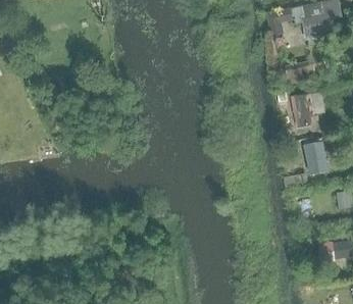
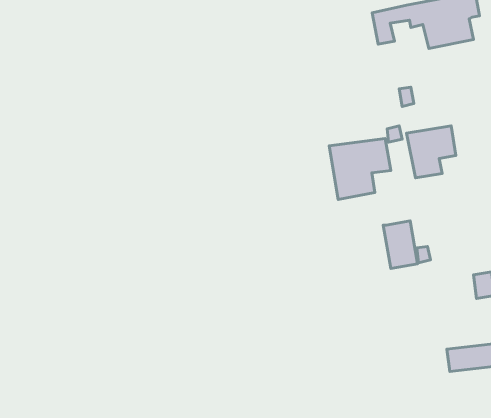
building: none -> [329,138,391,199]
building: [303,142,326,174] -> [383,221,418,268]

